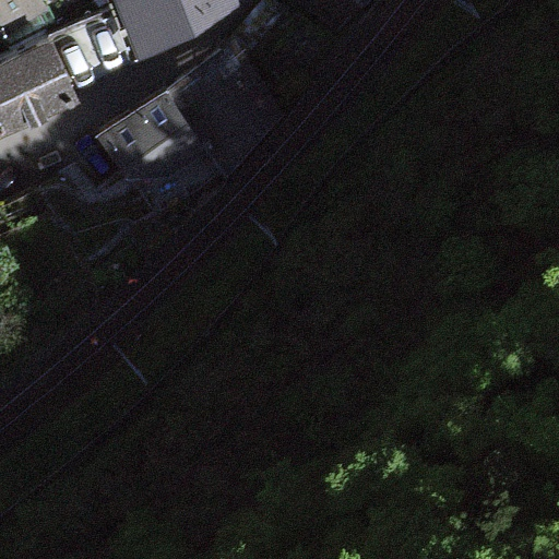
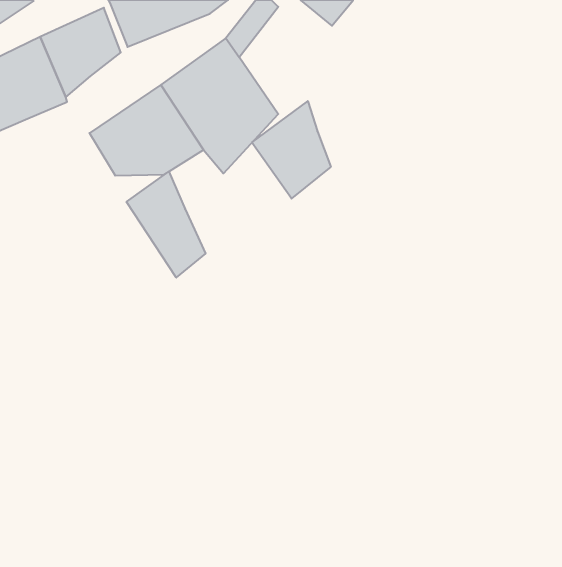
building: none -> [252,101,331,199]
building: none -> [127,171,206,278]

